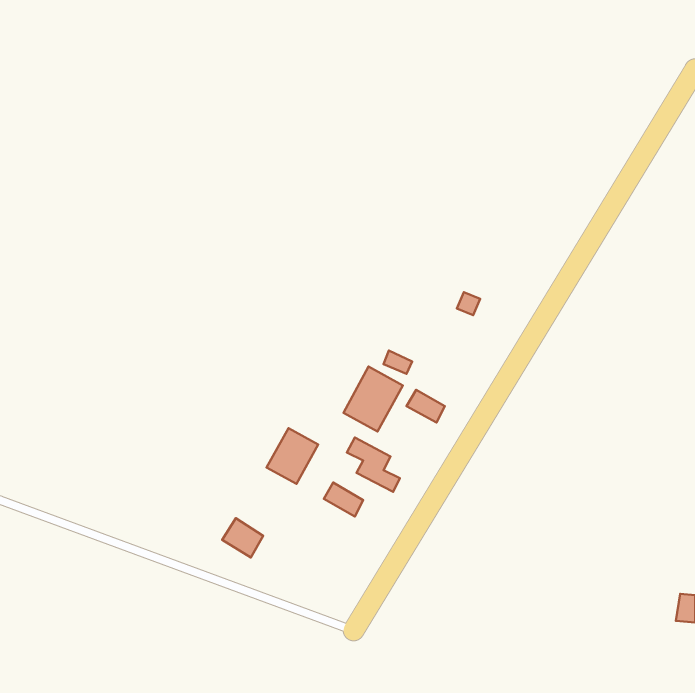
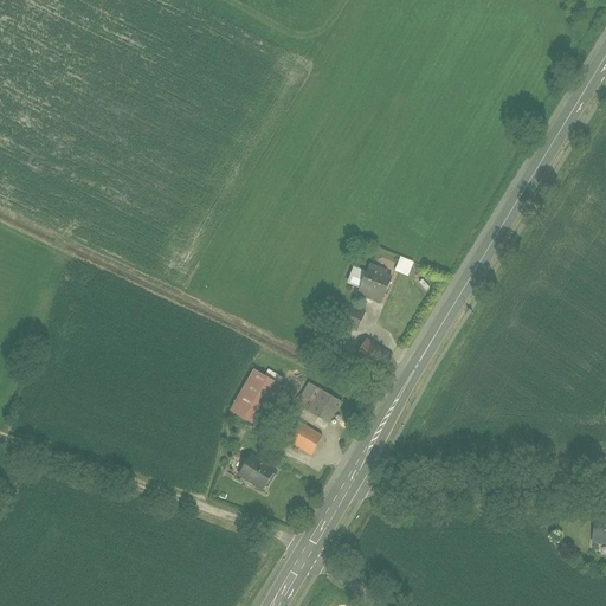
building: none -> [357,263,392,301]
building: [343,367,403,432] -> none
building: [222,518,263,558] -> [239,454,275,489]

